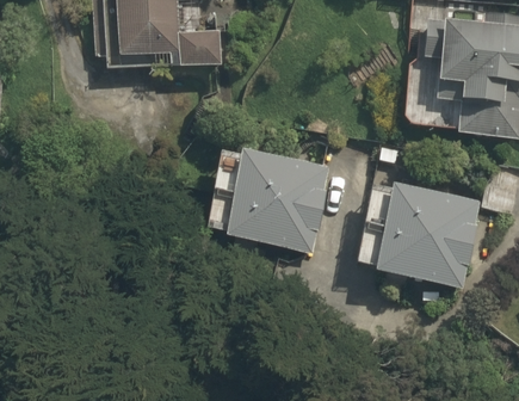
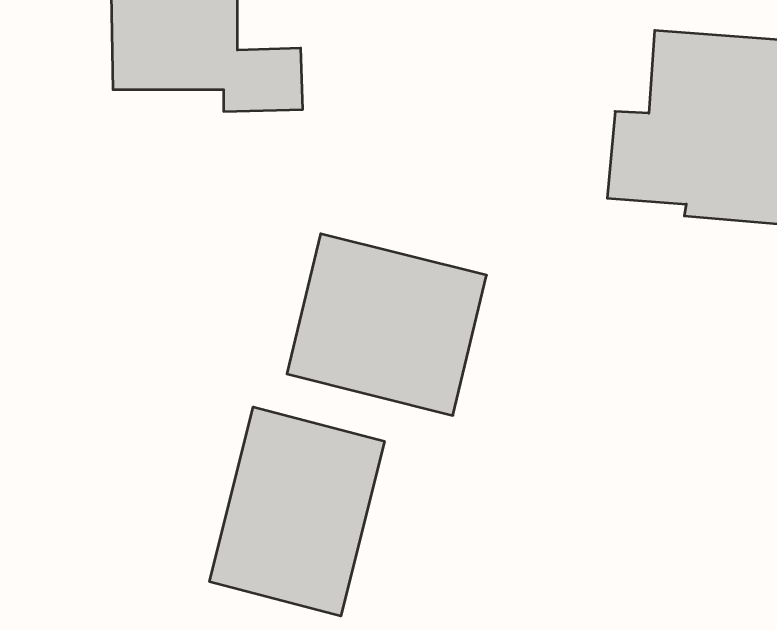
building: [366,179,482,289] -> none
building: none -> [210,407,384,616]

